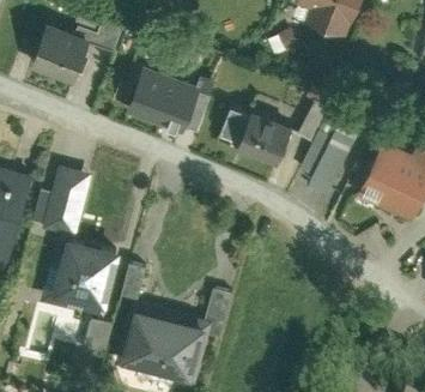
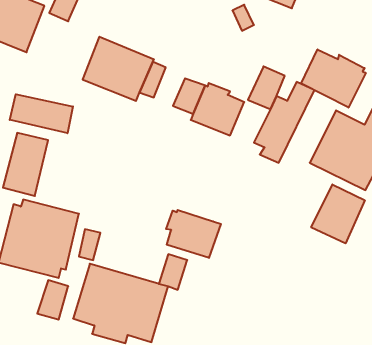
building: none -> [301,49,366,108]
building: none -> [10,94,73,133]
building: none -> [311,184,365,243]
building: none -> [166,210,221,258]

